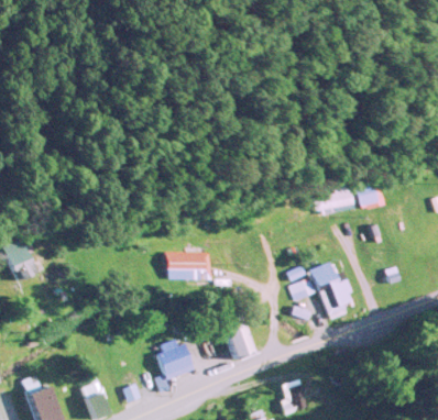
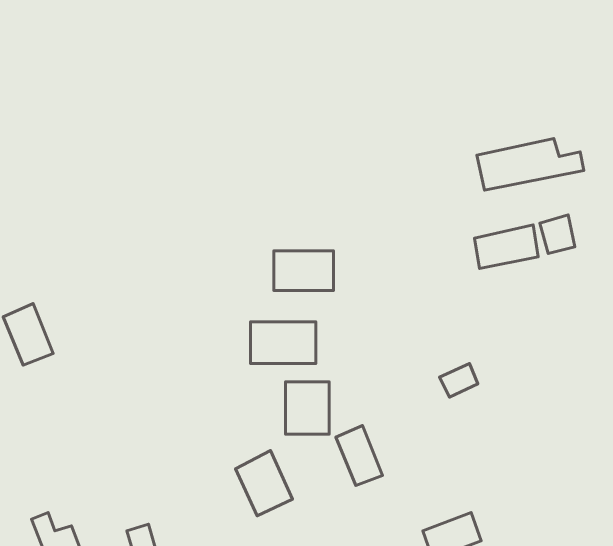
building: none -> [477,139,584,190]
building: none -> [274,251,334,291]
building: [311,264,354,311] -> none
building: none -> [286,382,329,434]

